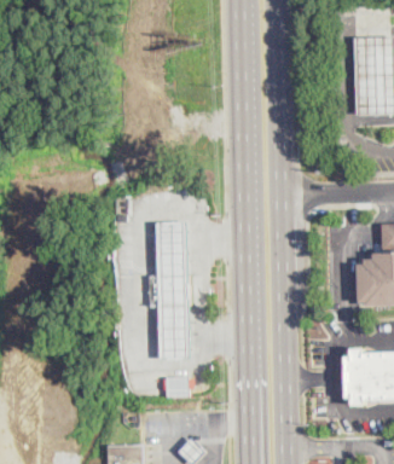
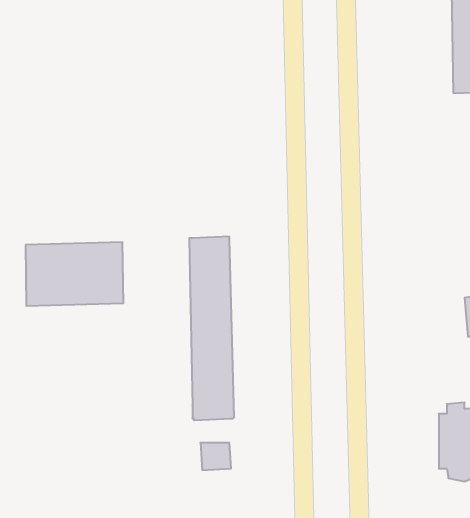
building: none -> [26,242,123,306]

